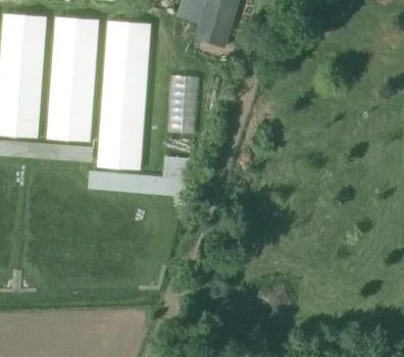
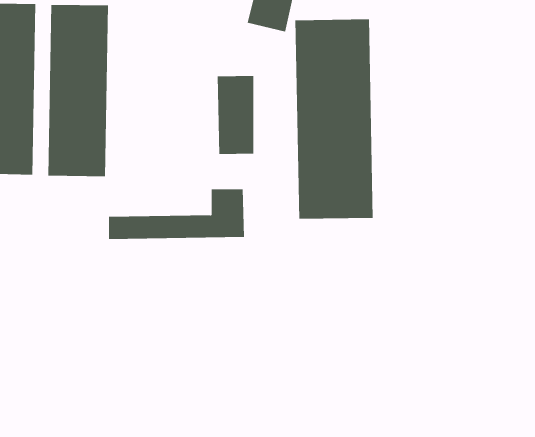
building: [98,20,150,170] -> none
building: none -> [295,19,373,220]

